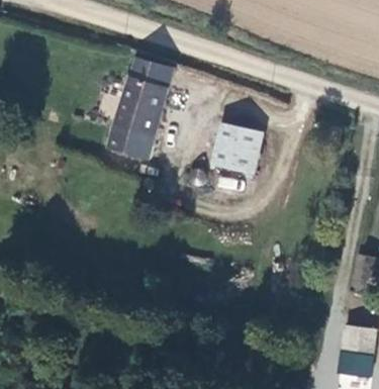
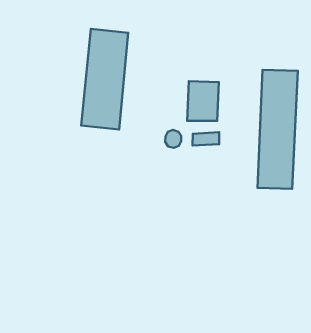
building: none -> [258,70,298,189]

